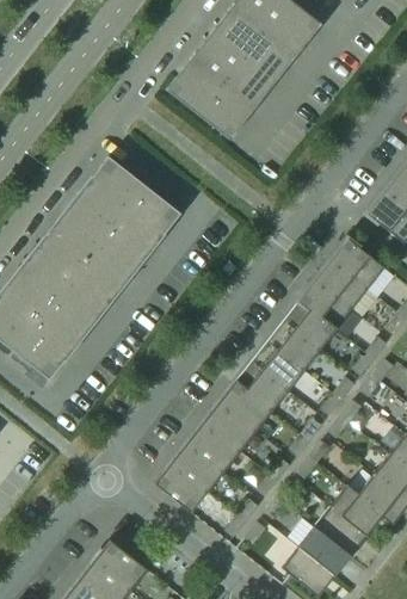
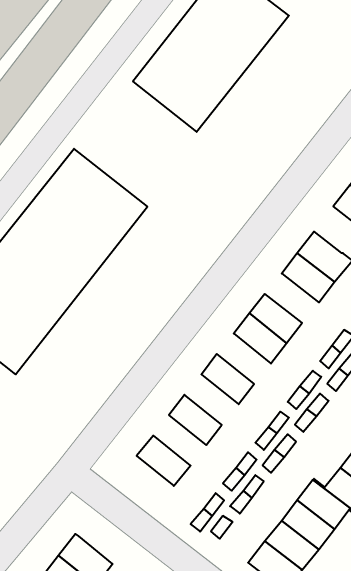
building: [297,282,351,331] -> none
building: [249,341,303,391] -> none
building: [217,382,271,432] -> none
building: [186,422,239,473] -> none
building: [153,463,206,513] -> none

